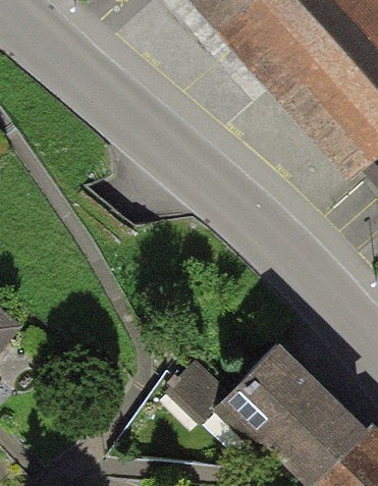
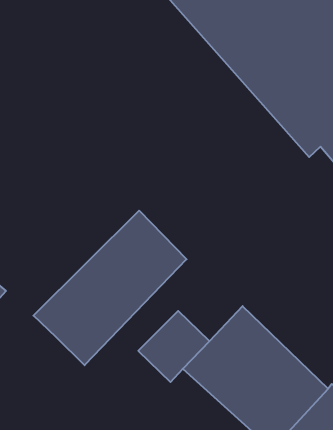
building: none -> [33,211,187,365]

